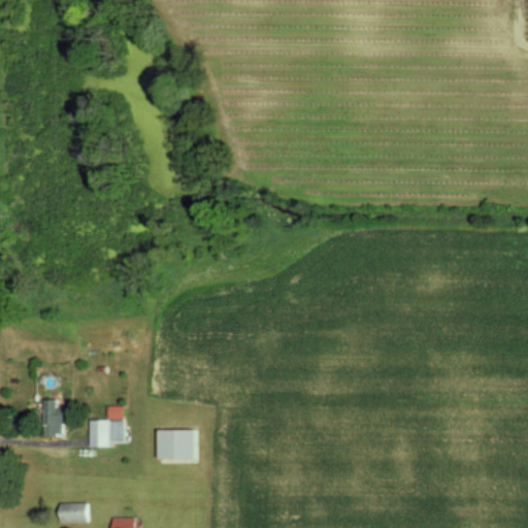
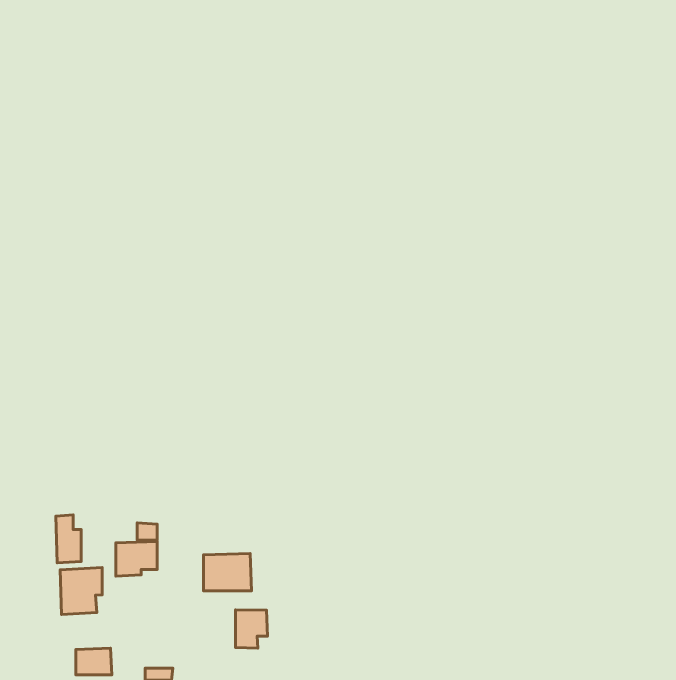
building: none -> [60,568,102,614]
building: none -> [235,610,268,648]

